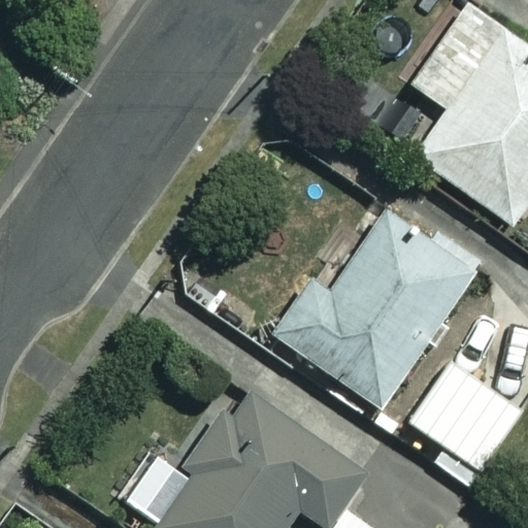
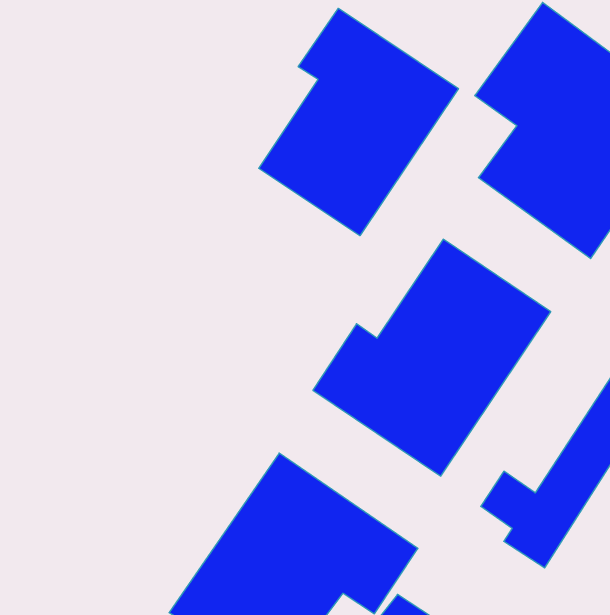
building: none -> [259,8,458,236]

